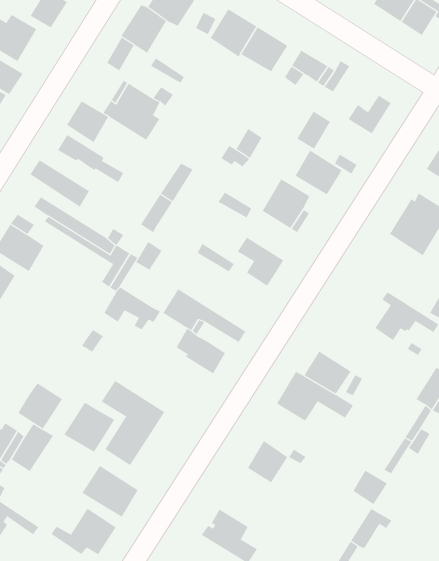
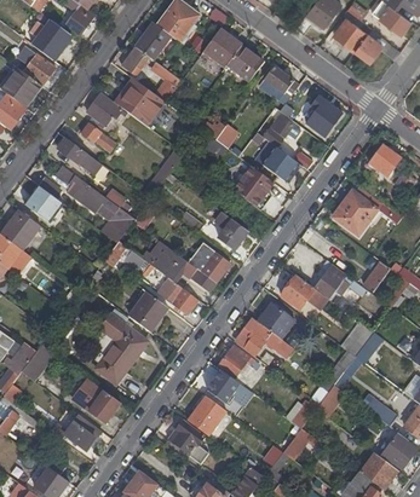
building: none -> [186,242,230,283]
building: none -> [280,273,327,310]
building: [17,383,63,429] -> none
building: [64,402,115,452] -> [127,291,168,331]
building: none -> [218,343,249,376]
building: none -> [186,394,225,434]

